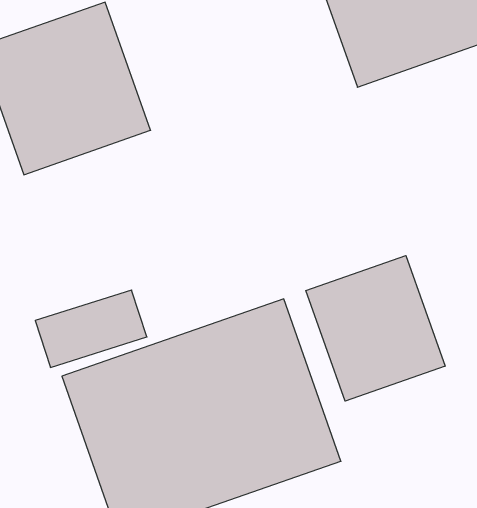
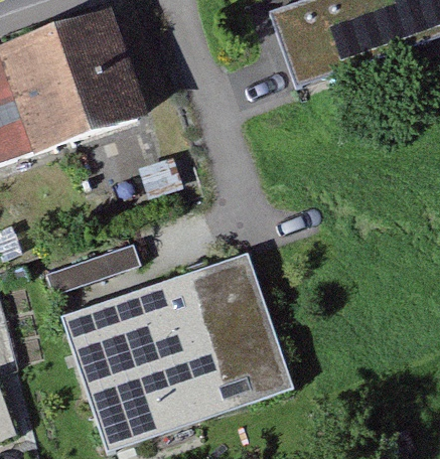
building: [306,256,445,401] -> none

